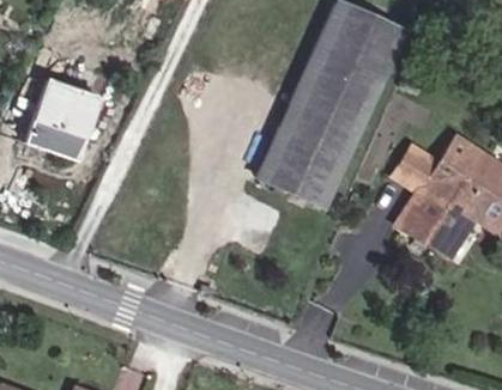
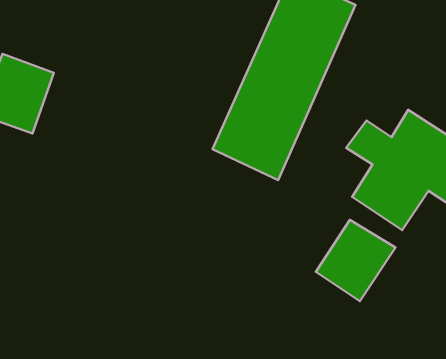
building: none -> [316,220,396,301]

